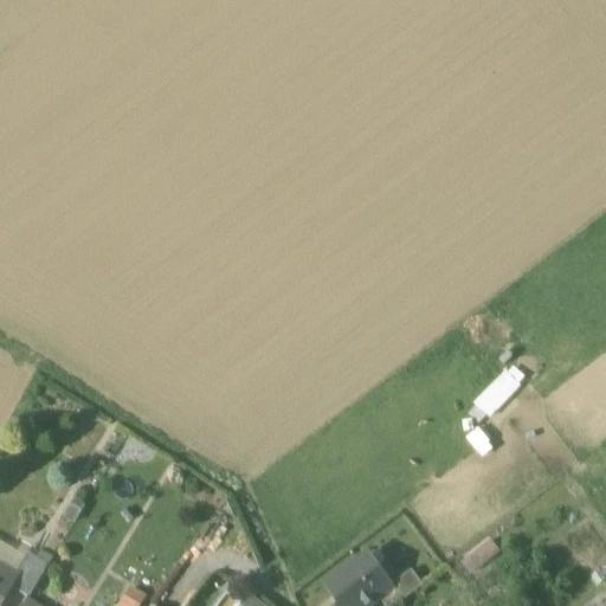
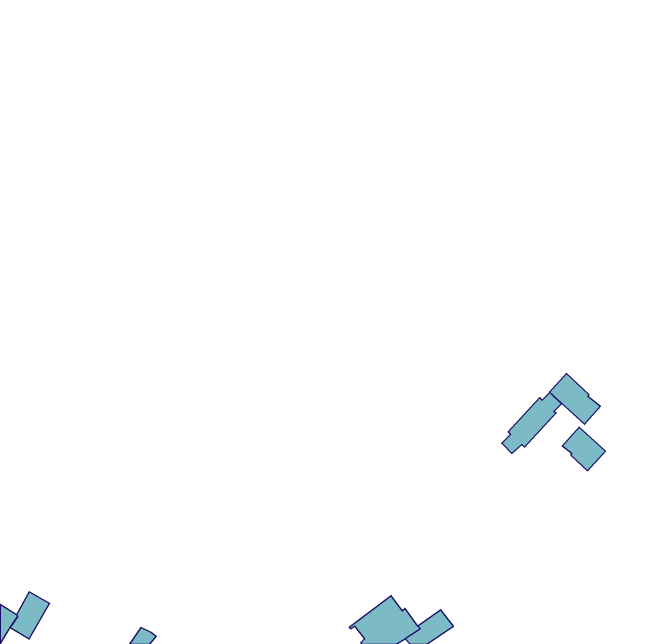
building: none -> [549,374,600,424]
building: none -> [562,427,605,471]

